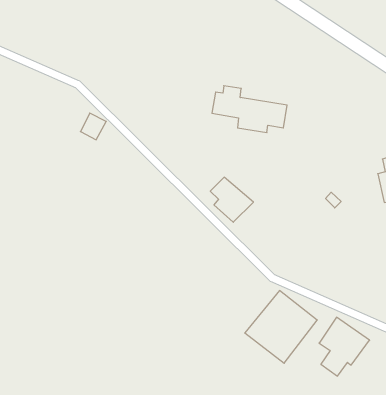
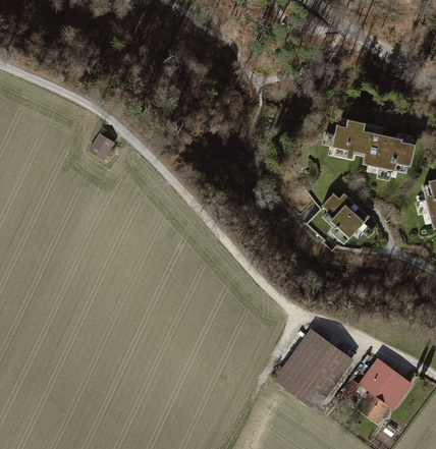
building: [212,86,287,133] -> [331,120,415,172]
building: [210,177,253,222] -> [321,189,369,239]

